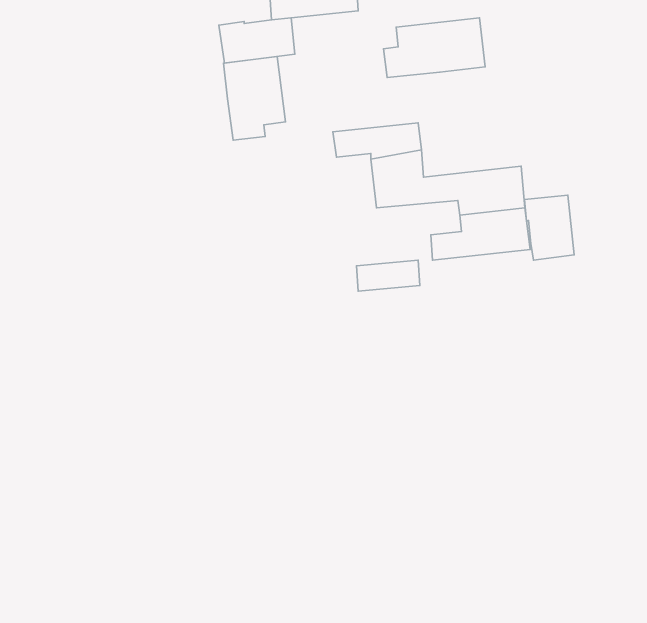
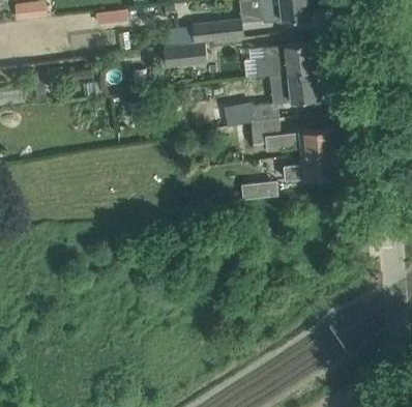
building: [224,56,286,140] -> none
building: none -> [288,70,317,103]
building: [525,195,574,260] -> none

